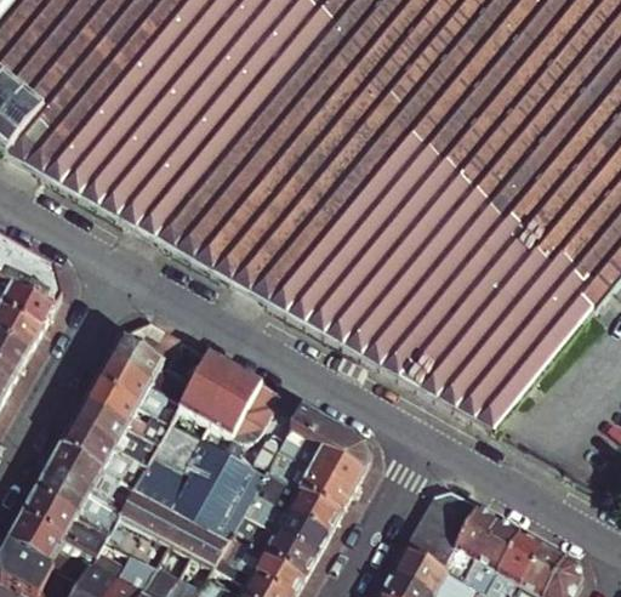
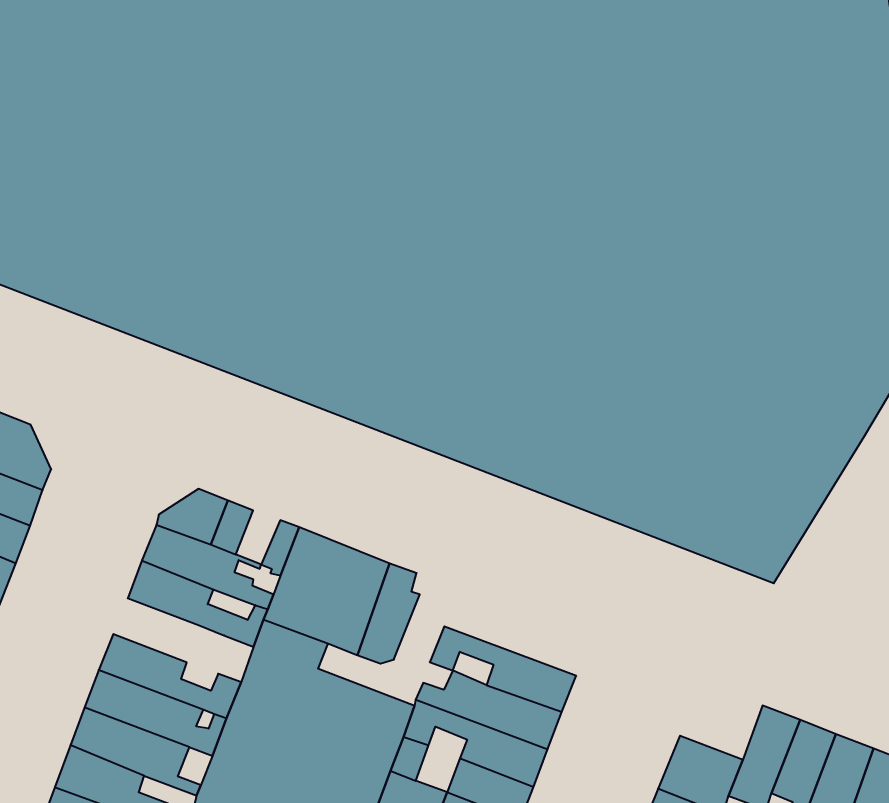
building: [85,381,170,443] -> none
building: [289,405,371,470] -> none
building: [423,490,477,536] -> none

